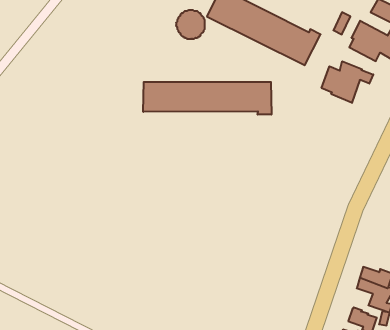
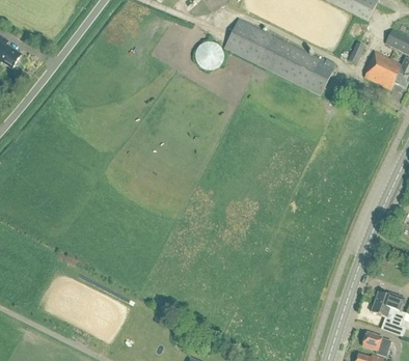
building: [322,61,373,103] -> none
building: [143,82,271,115] -> none

